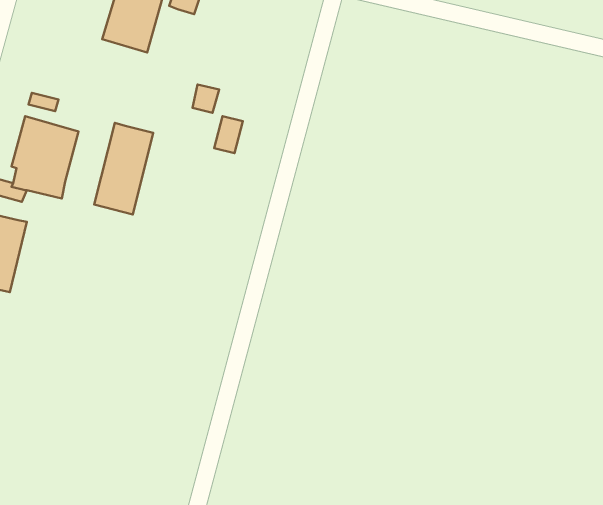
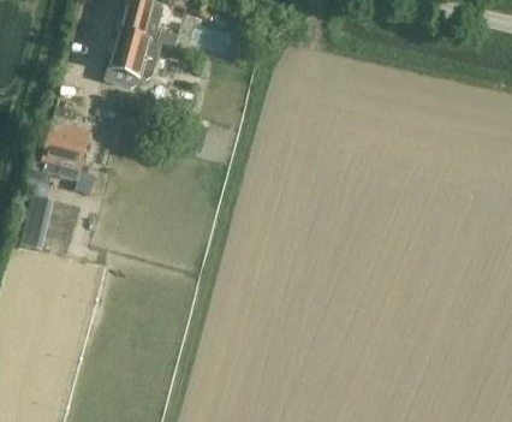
building: [94,123,153,215] -> none

